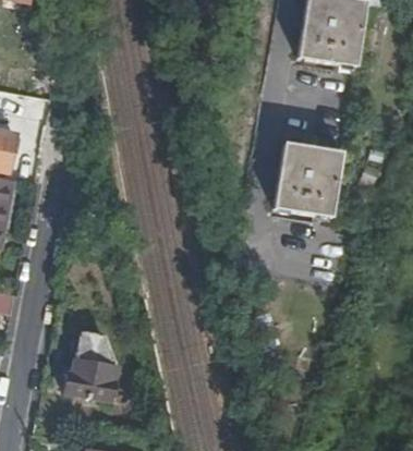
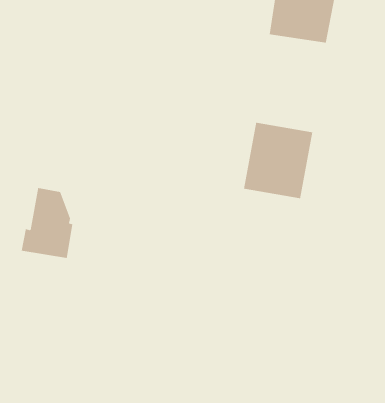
building: [63,331,114,401] -> [21,187,73,259]

